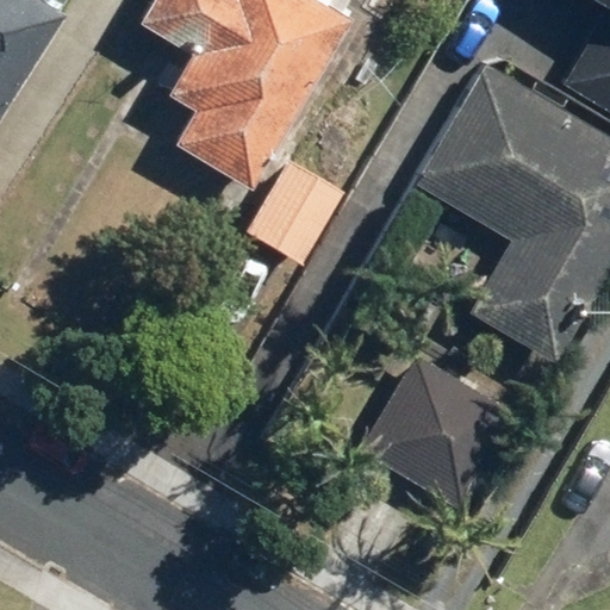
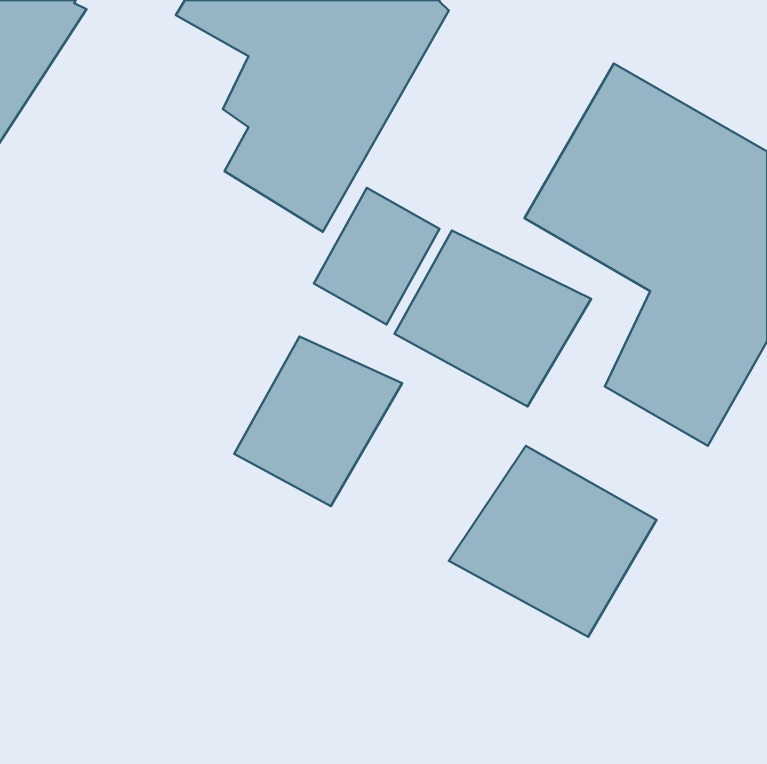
building: none -> [394,230,591,406]
building: none -> [234,337,402,506]

